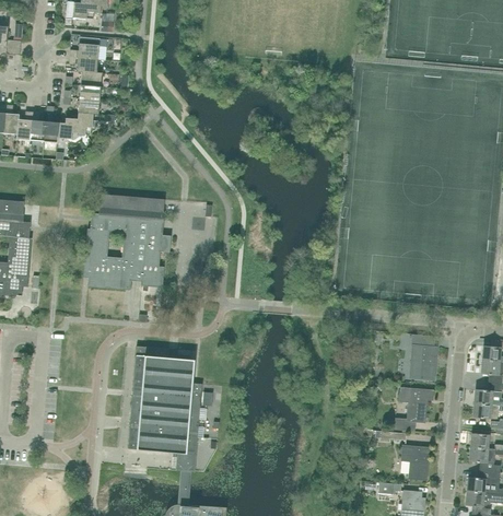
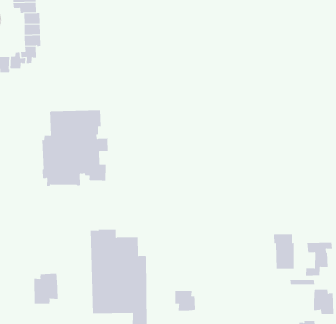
building: [410,333,436,379] -> [273,234,295,269]
building: none -> [34,273,58,305]
building: none -> [175,290,195,312]

